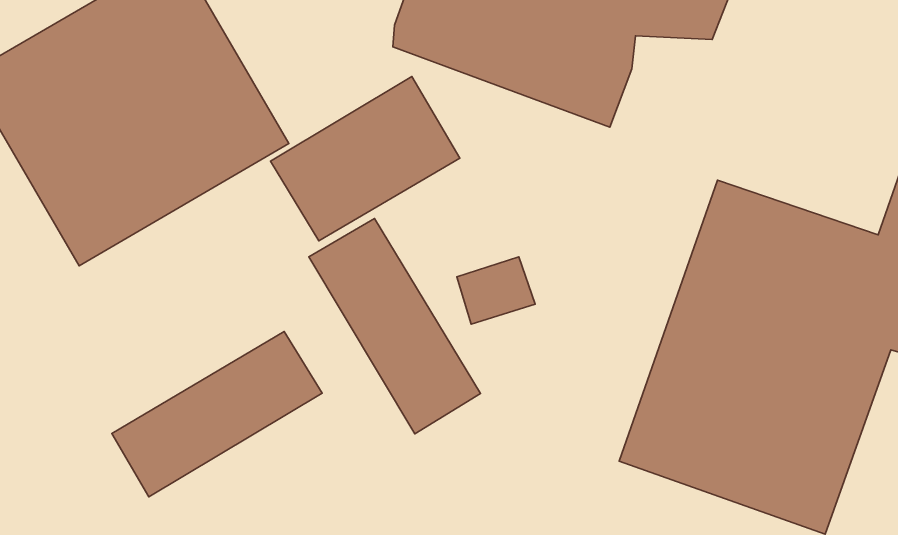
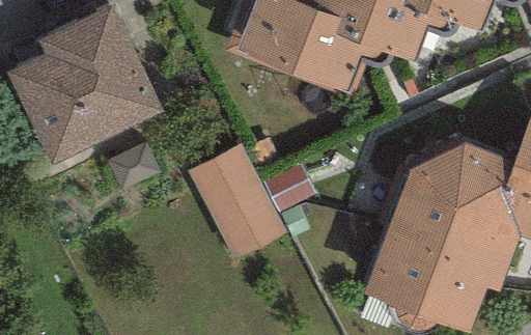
building: [270,77,460,241] -> none
building: [112,331,322,497] -> none

